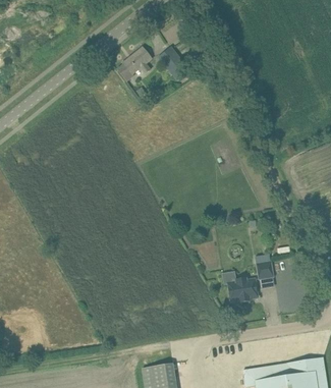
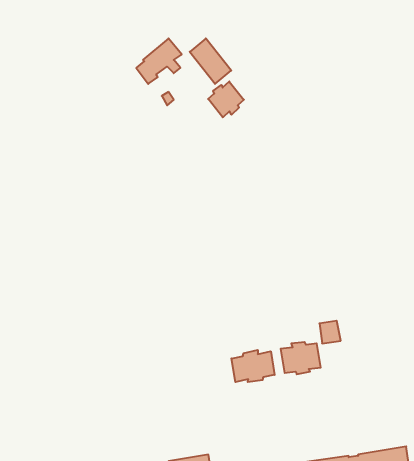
building: none -> [208,81,244,117]
building: none -> [231,350,275,382]

